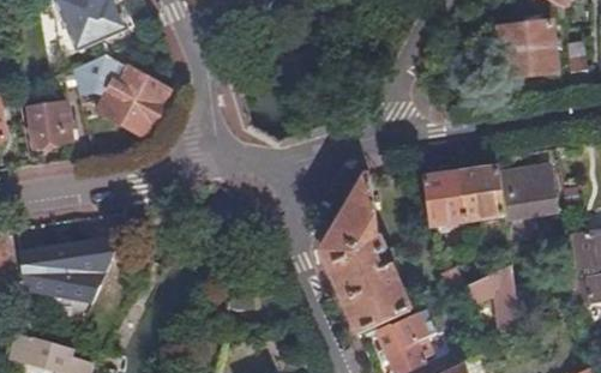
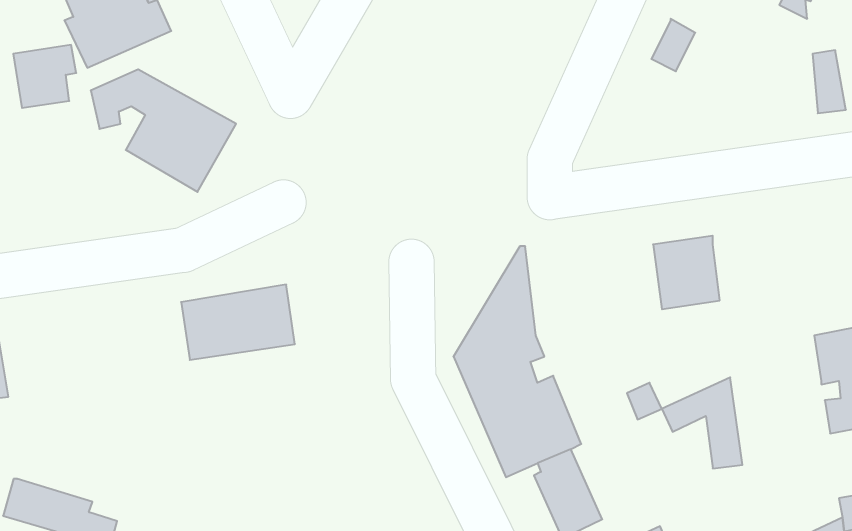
building: [498,22,558,78] -> none
building: [28,102,71,145] -> [13,45,76,108]
building: [499,167,557,240] -> none
building: [425,174,464,223] -> none
building: [20,240,98,291] -> [181,285,295,360]

